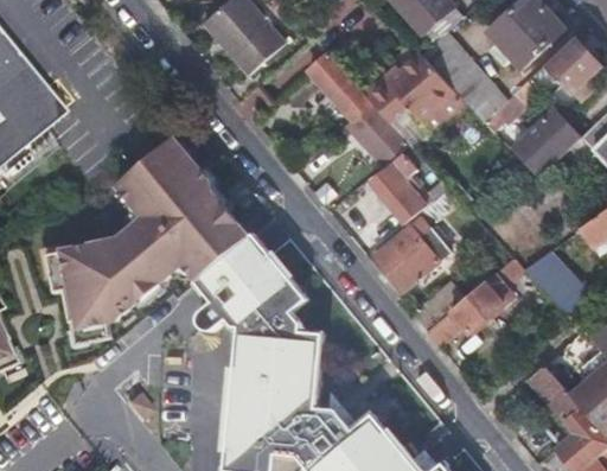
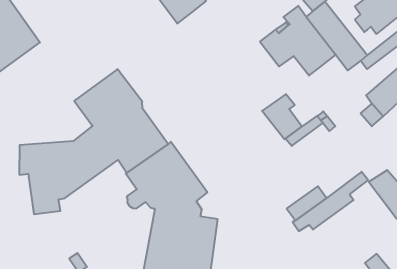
building: [309,50,410,163] -> none
building: [371,229,452,294] -> none

